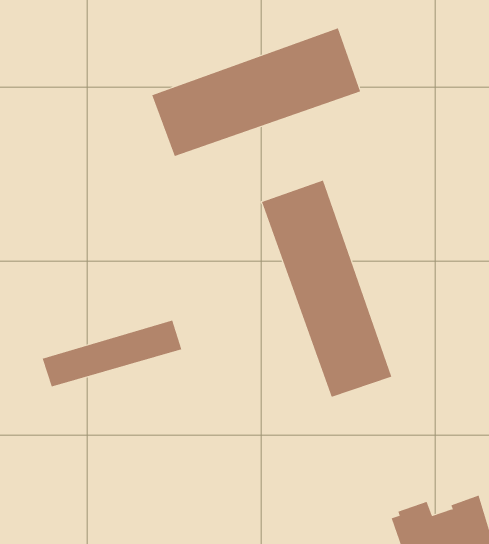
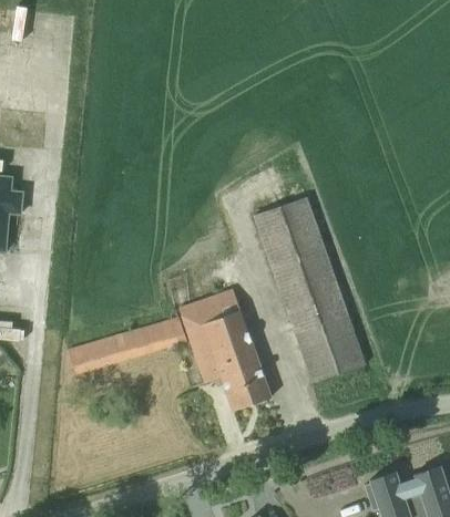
building: [152,28,361,157] -> none
building: none -> [180,290,272,411]

